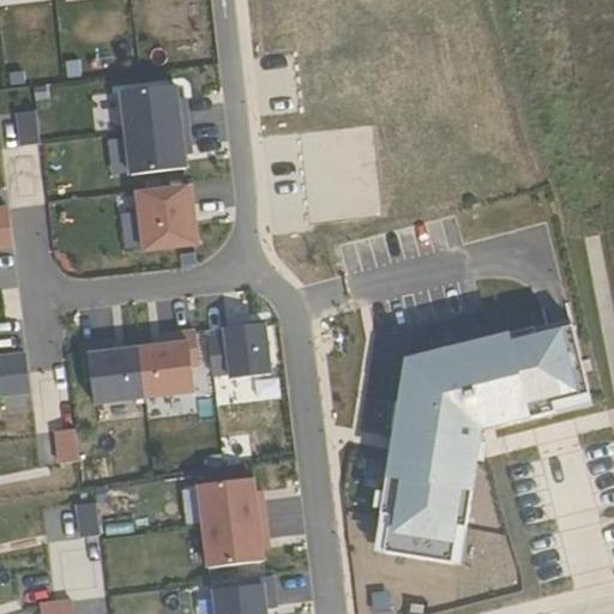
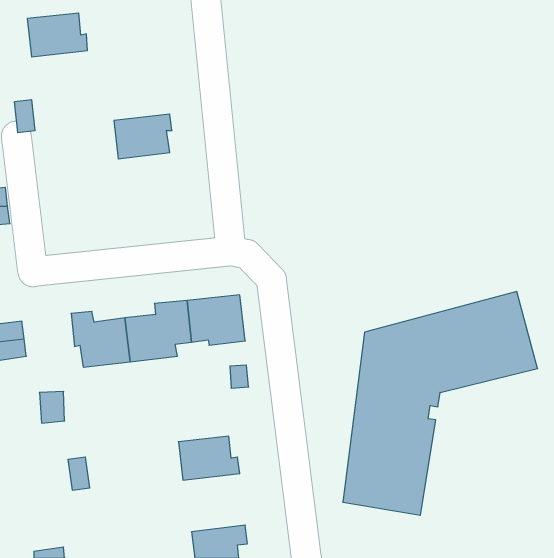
building: [120,84,186,132] -> [27,13,87,57]
building: [134,183,195,249] -> none
building: [200,518,269,582] -> none

